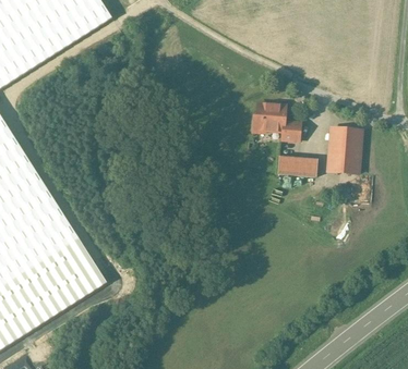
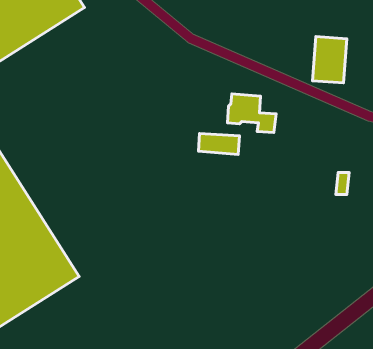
building: [327,127,361,173] -> [312,37,347,83]
building: [277,156,317,176] -> [198,133,239,155]

